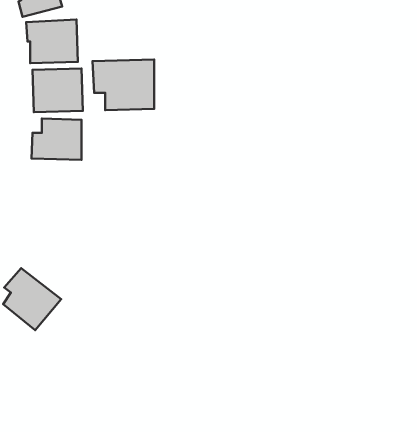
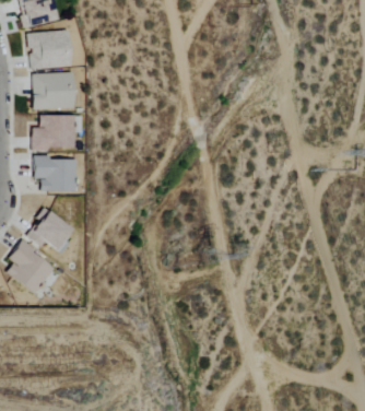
building: [92,59,154,110] -> none
building: none -> [34,157,78,191]
building: none -> [28,208,74,250]

